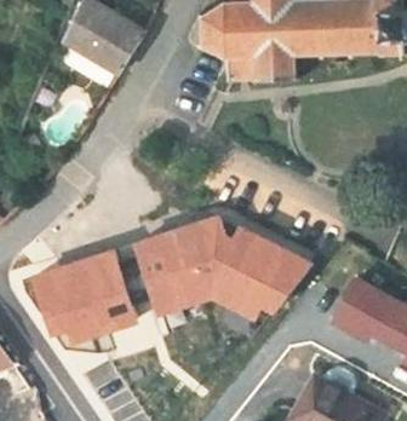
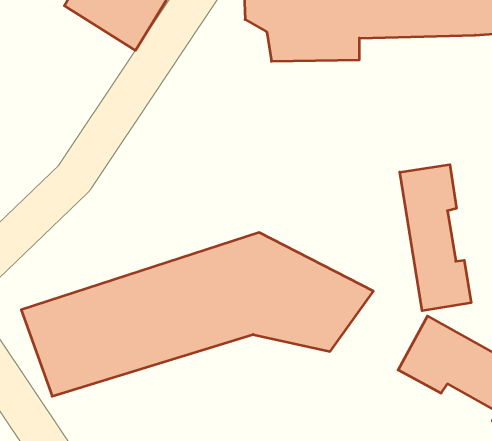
building: none -> [400,165,471,311]

